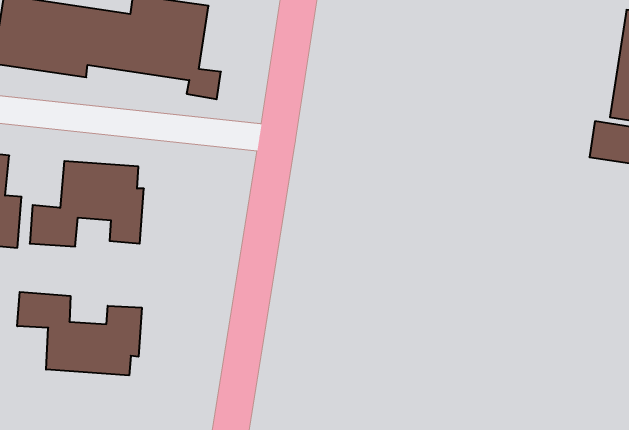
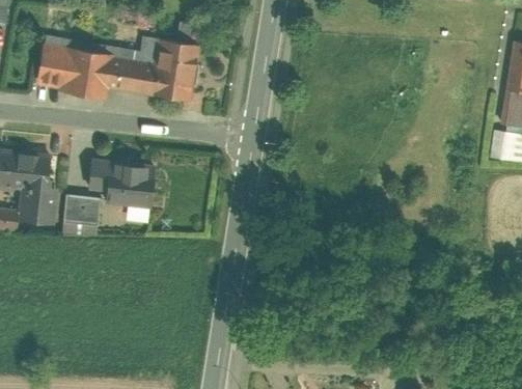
building: [17,292,142,375] -> none

